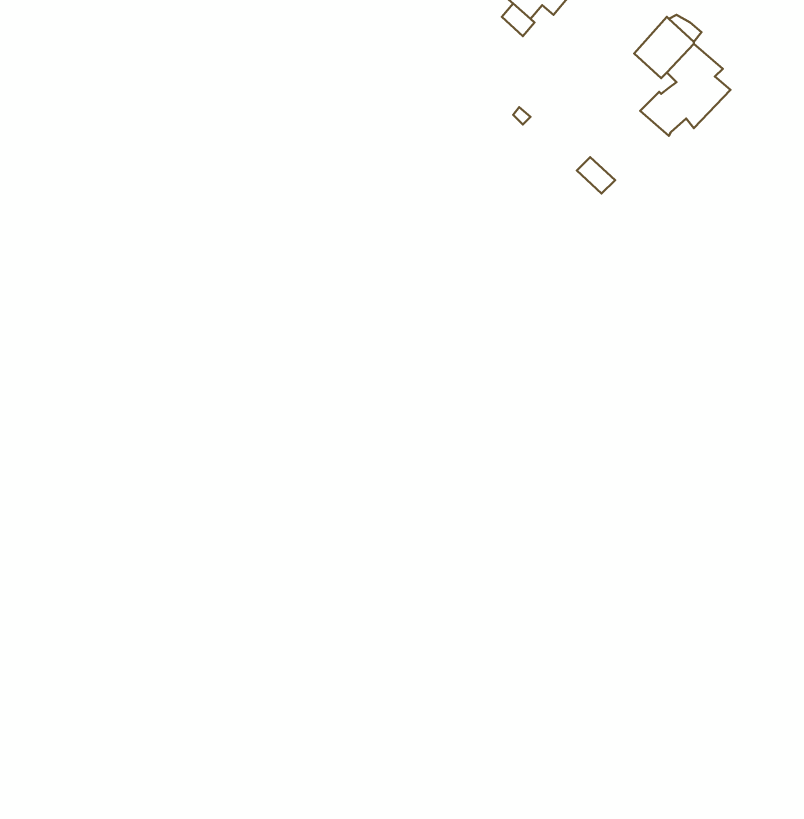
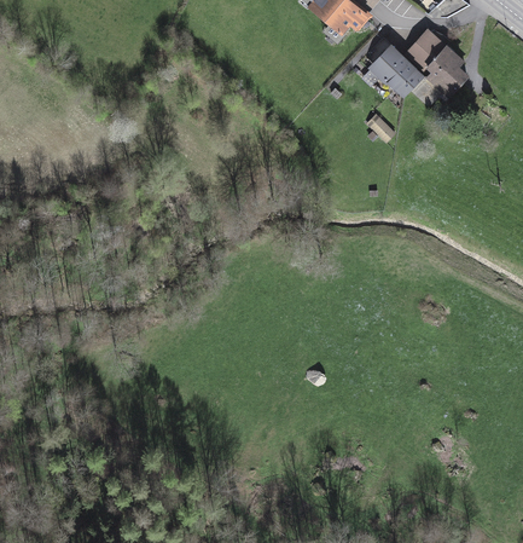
building: none -> [368,36,422,93]

